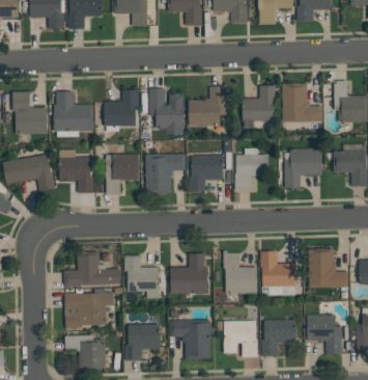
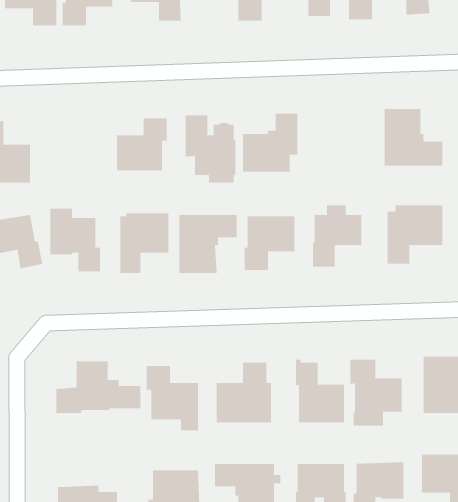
building: [243,85,276,127] -> none
building: [55,90,93,136] -> none
building: [65,292,114,328] -> none

